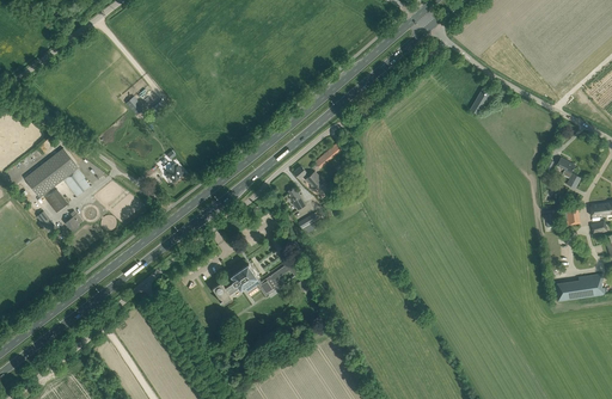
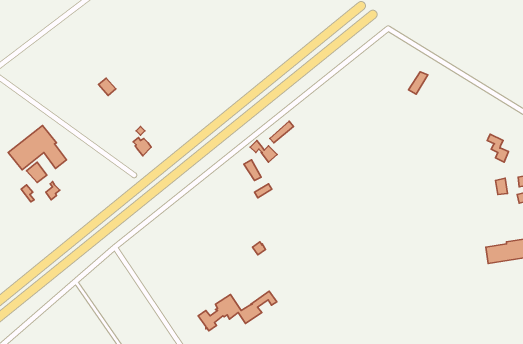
building: [213,260,300,305] -> [198,291,277,331]

